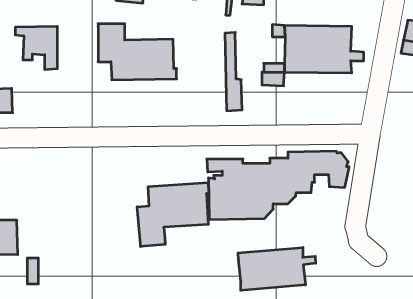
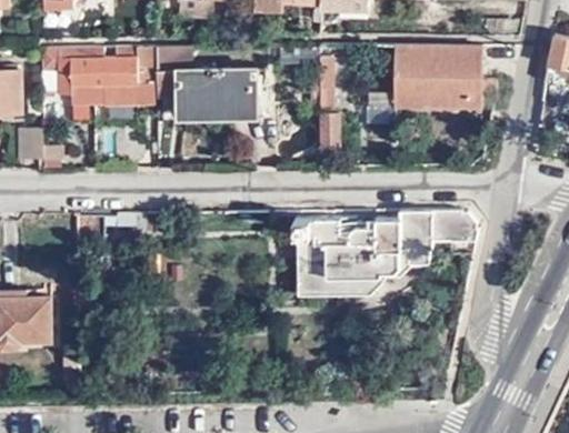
building: none -> [103,48,156,105]
building: [137,182,209,247] -> none
building: [238,247,316,290] -> none

